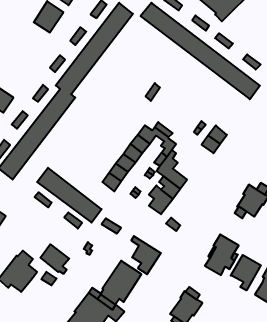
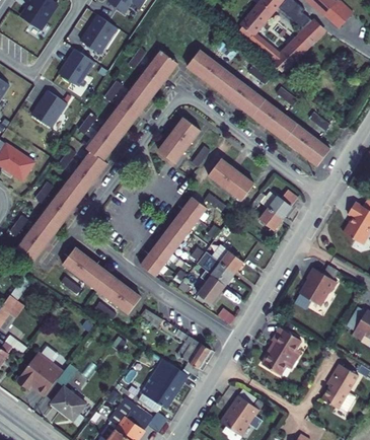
building: none -> [30,89,66,127]
building: none -> [157,117,200,162]
building: none -> [207,158,253,201]
building: [40,244,69,274] -> [51,386,85,422]
building: [231,255,261,290] -> none

